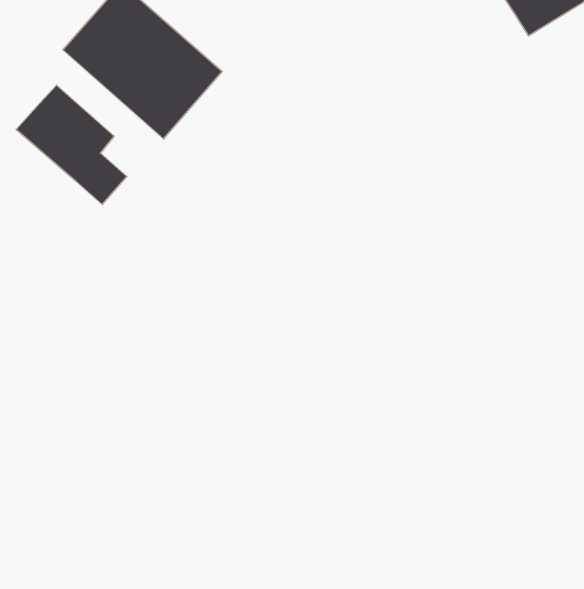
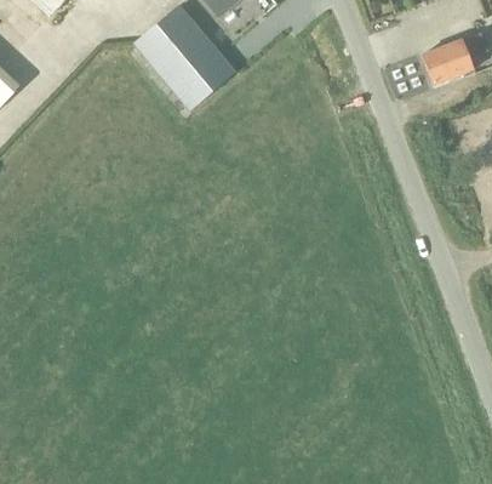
building: [16,85,127,204] -> none

